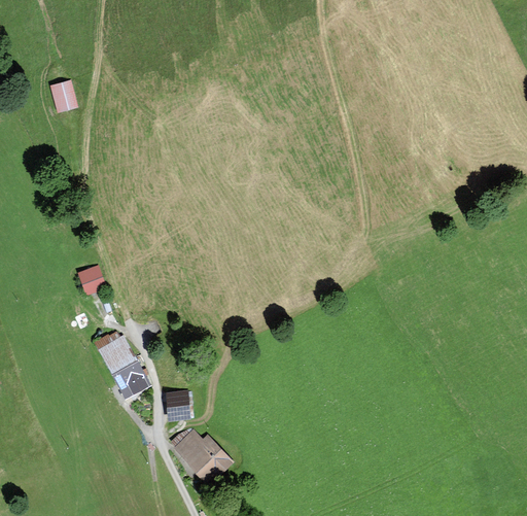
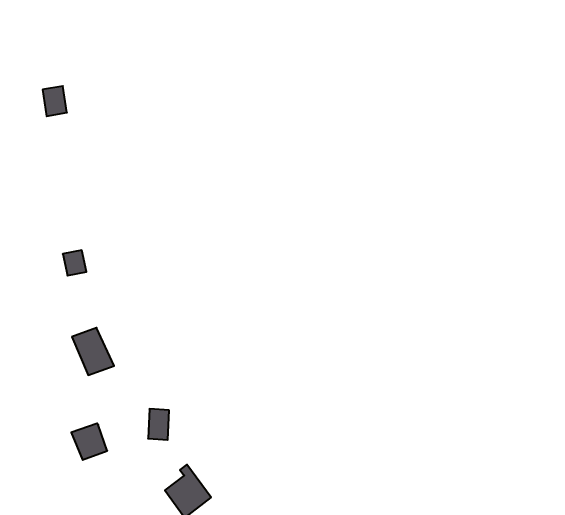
building: [51,81,74,108] -> [43,86,67,116]
building: [113,360,145,392] -> [71,423,107,460]
building: [171,431,204,458] -> none

